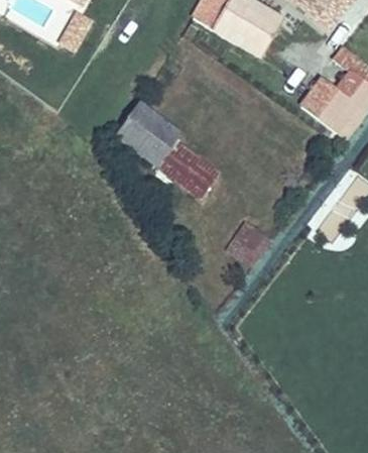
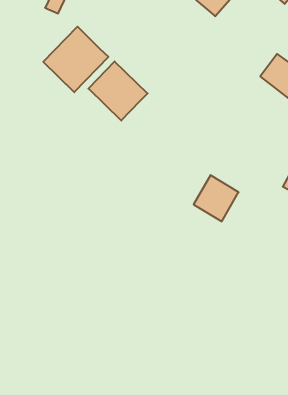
building: none -> [43,27,108,92]
building: [151,135,206,190] -> none

